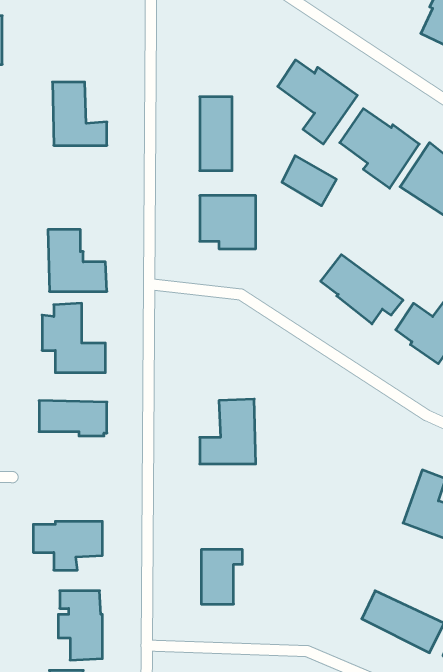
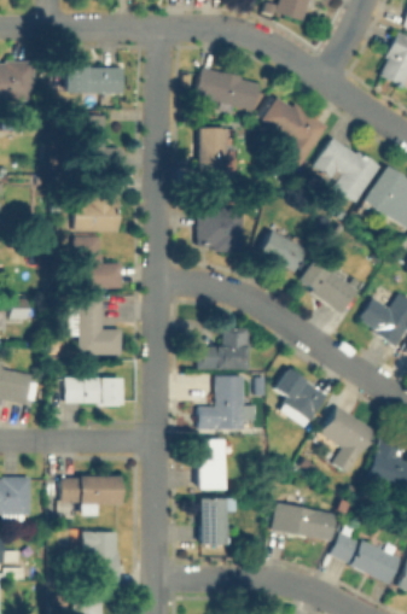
building: none -> [66,66,122,93]
building: none -> [196,68,260,115]
building: none -> [74,175,118,232]
building: [282,156,336,206] -> [258,230,303,271]
building: none -> [196,328,246,368]
building: none -> [274,368,326,420]
building: none -> [319,407,373,473]
building: none -> [197,439,222,487]
building: none -> [274,503,337,540]

